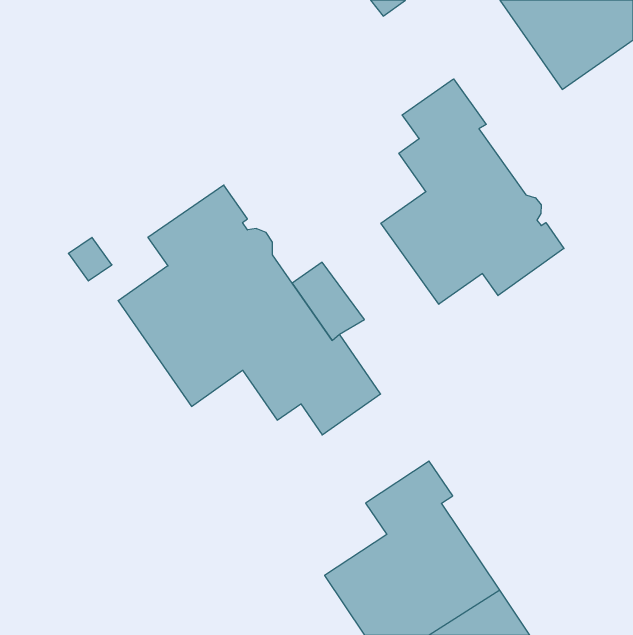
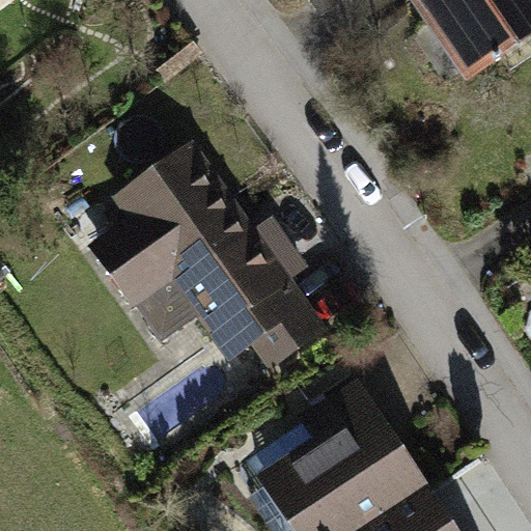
building: [381,79,564,304] -> none

